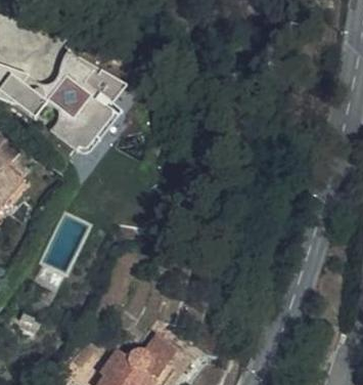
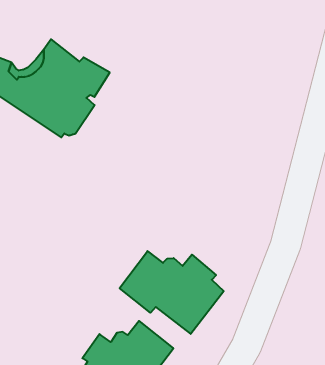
building: none -> [120,251,224,334]

